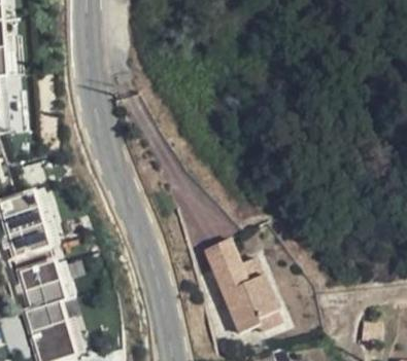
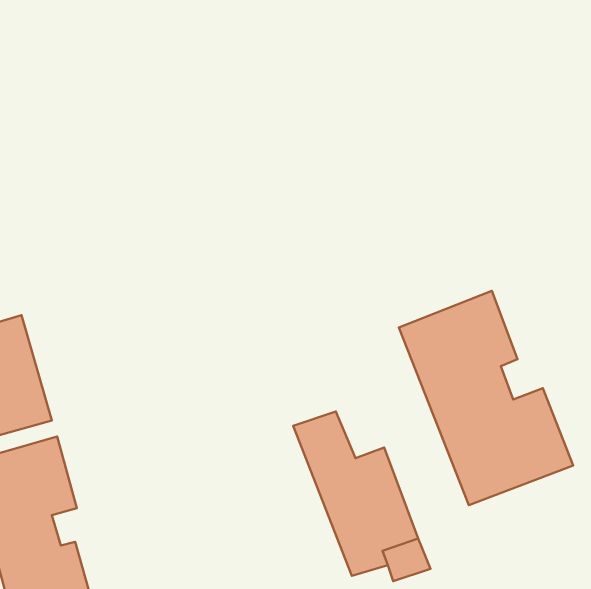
building: none -> [399,291,573,505]

